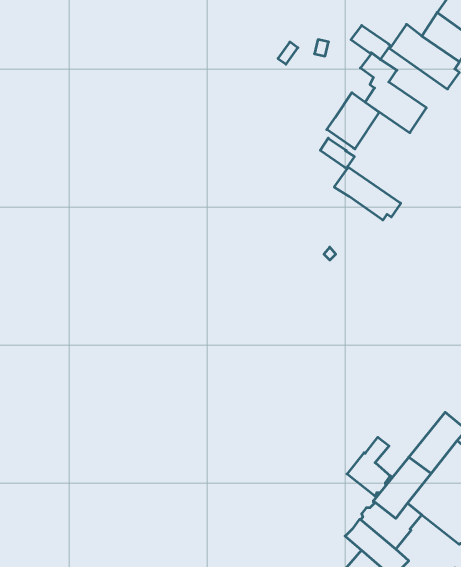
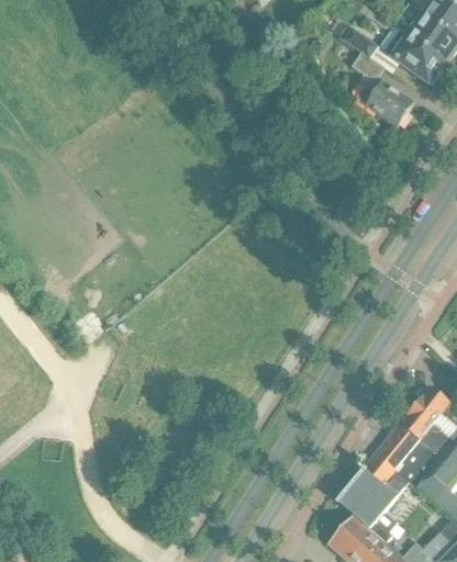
building: [327,93,379,149] -> none
building: [320,138,401,220] -> none
building: [347,437,392,496] -> none

